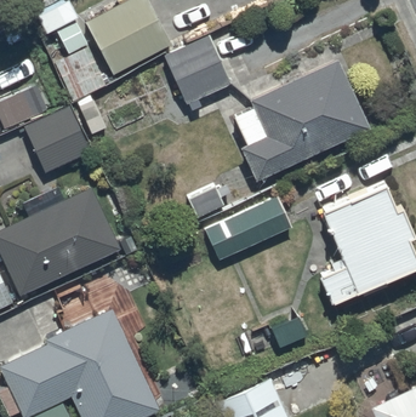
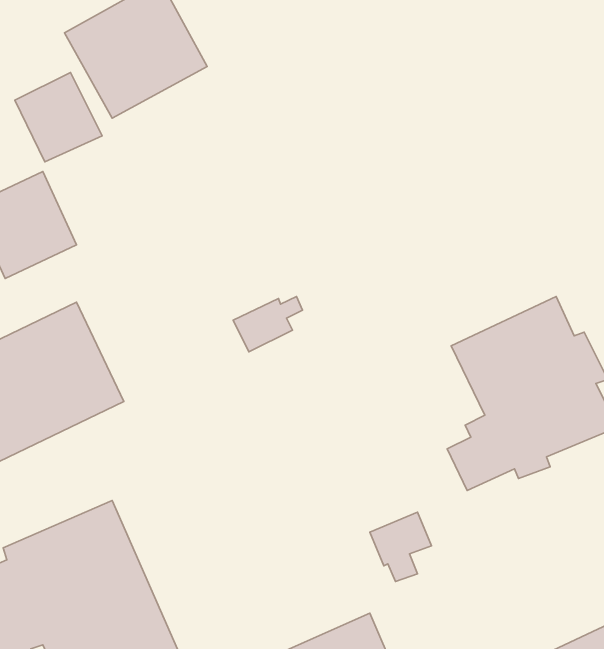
building: [164,35,230,112] -> none
building: [233,59,369,182] -> none
building: [205,198,290,261] -> none

